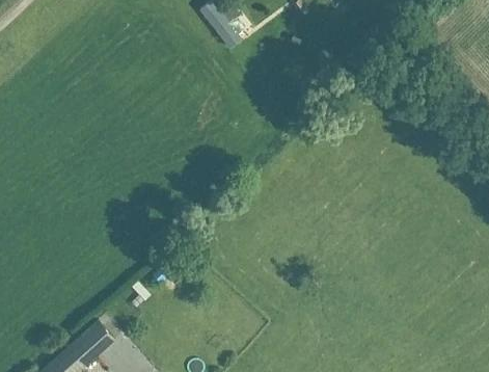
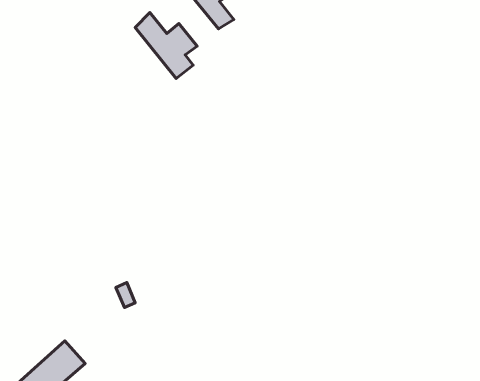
building: none -> [135,12,197,78]

